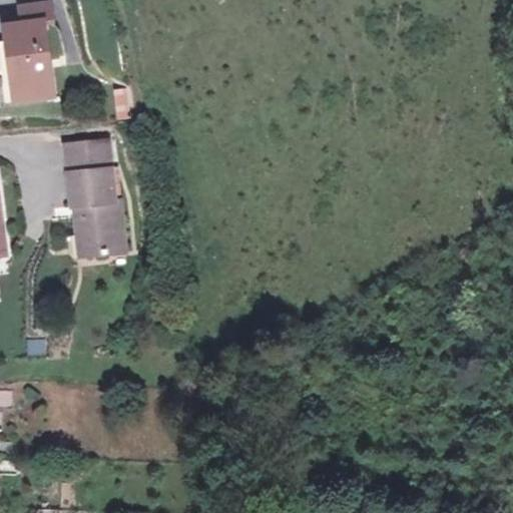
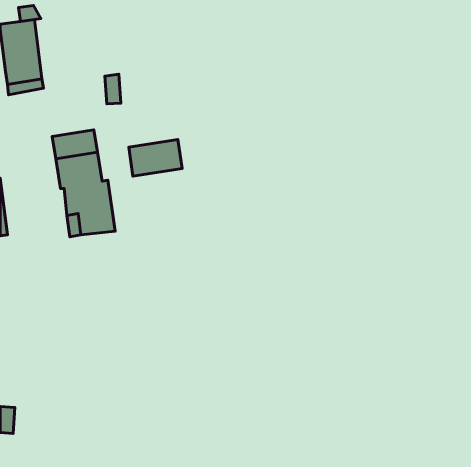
building: none -> [129,139,182,176]

